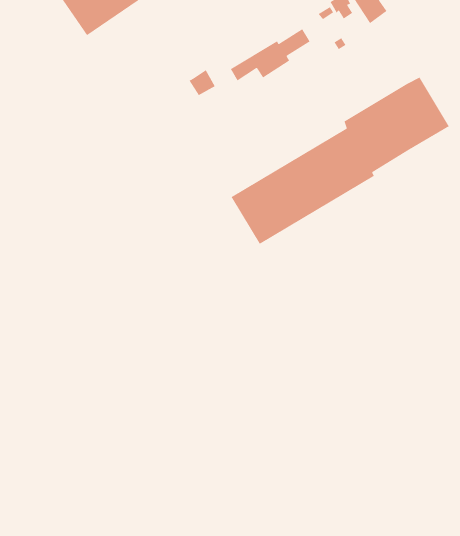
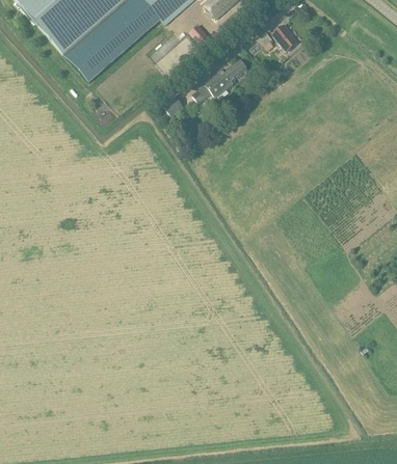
building: [231,77,450,245] -> none

